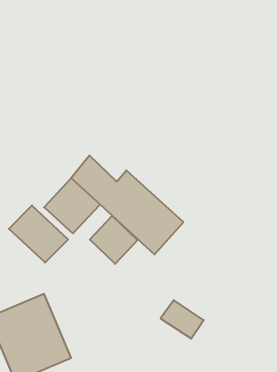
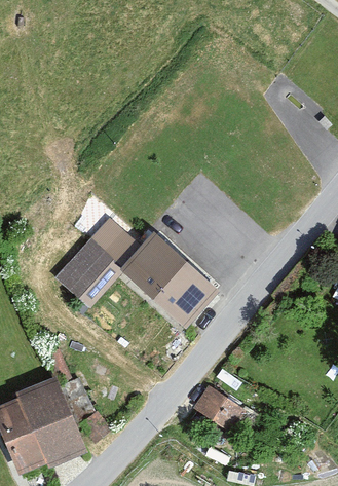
building: [9,205,68,263] -> none
building: [90,216,138,264] -> none

